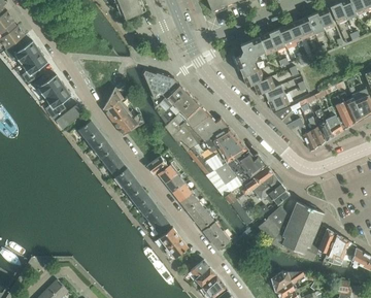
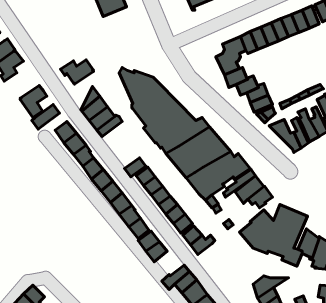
building: [32,74,64,98] -> [61,60,94,84]

